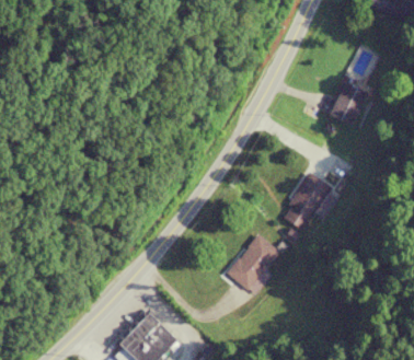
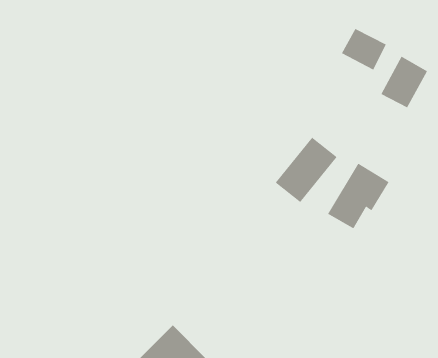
building: none -> [341,28,387,70]
building: [226,234,279,291] -> [275,137,337,203]

